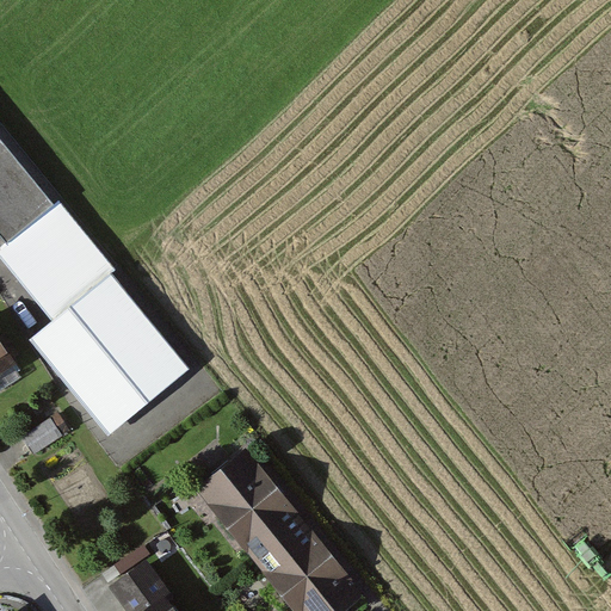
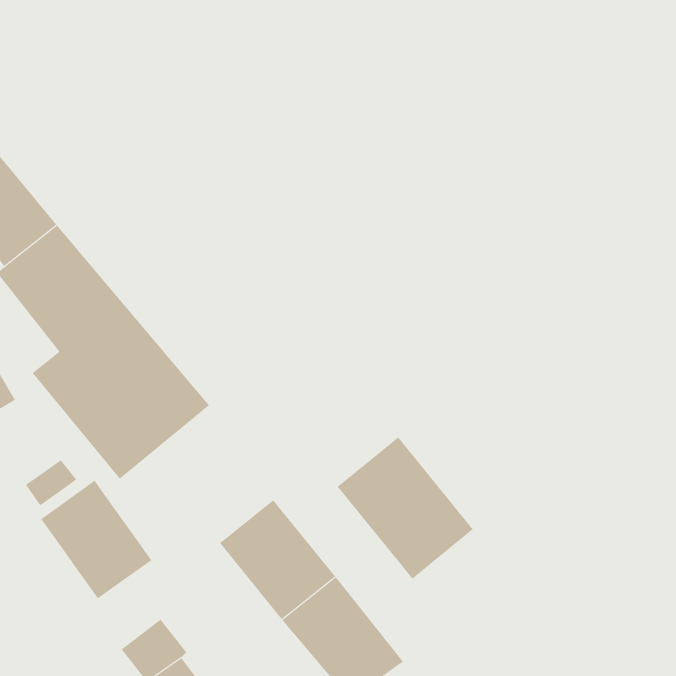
building: none -> [337,436,474,580]
building: none -> [40,480,152,599]

